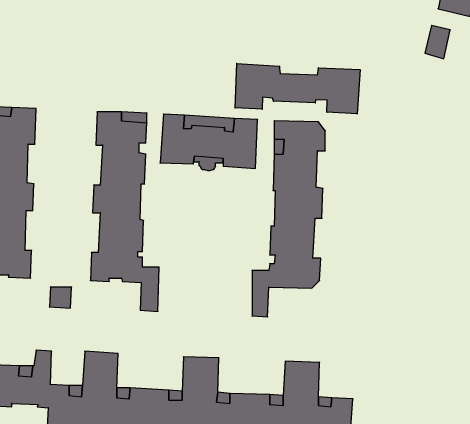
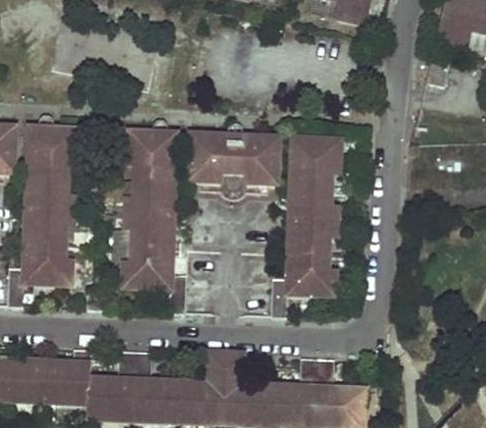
building: [235,63,360,114] -> none

